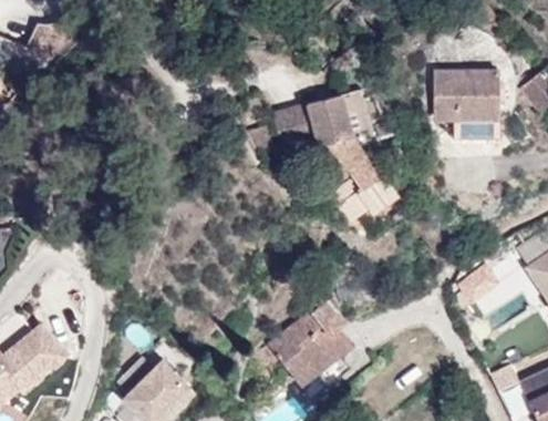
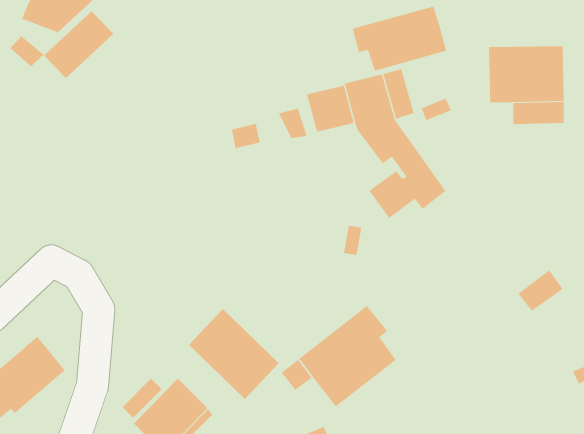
building: none -> [352,6,447,72]
building: none -> [43,10,114,79]
building: none -> [188,308,279,400]

